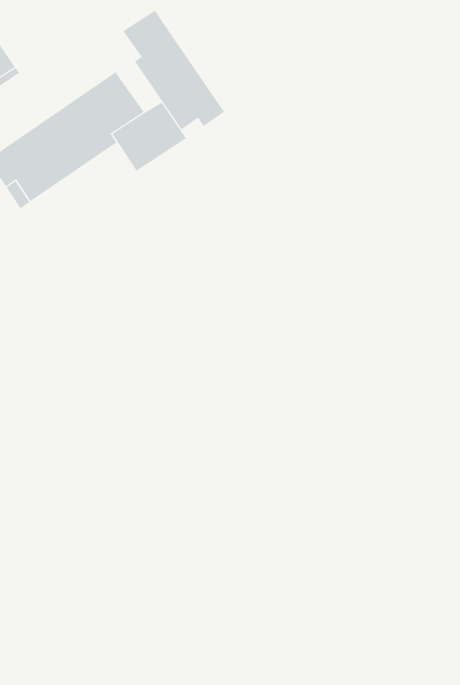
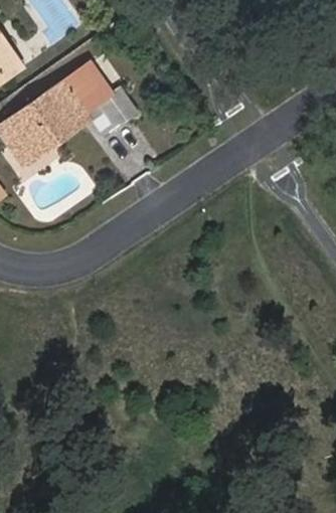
building: [122,10,225,130] -> none

